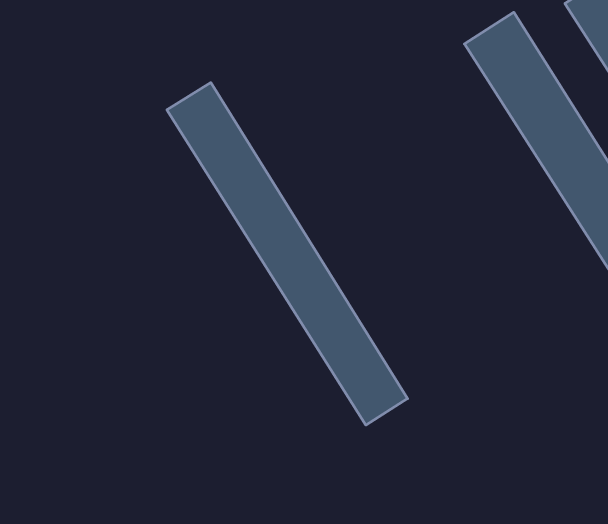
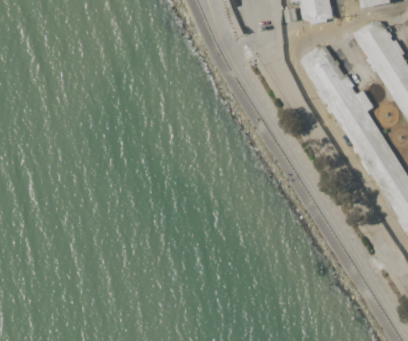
building: [167,83,408,425] -> none

